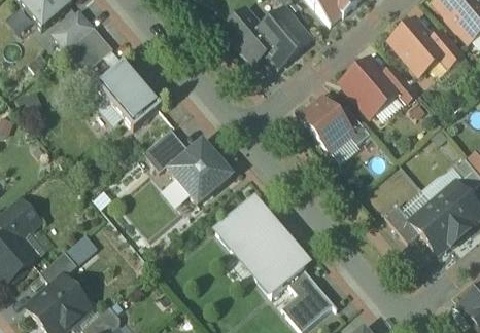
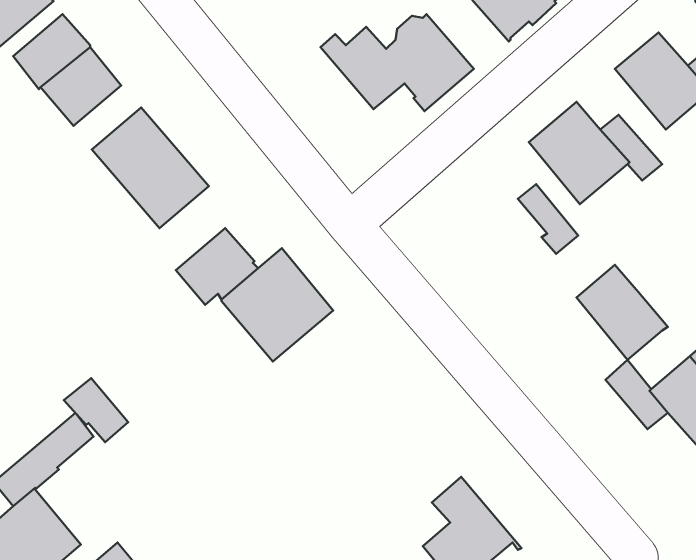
building: [301,97,352,150] -> [576,265,668,360]
building: [216,200,307,296] -> none
building: none -> [64,378,128,442]

